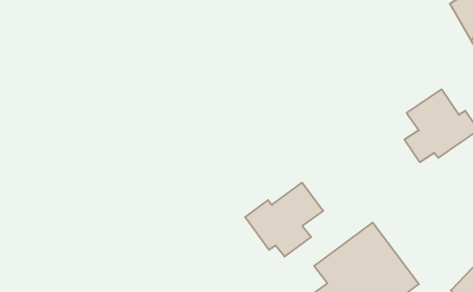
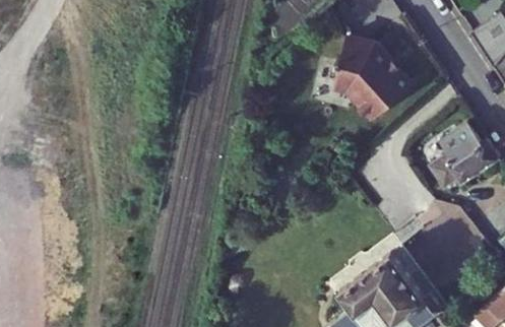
building: none -> [335,40,413,121]
building: [245,183,323,257] -> none

